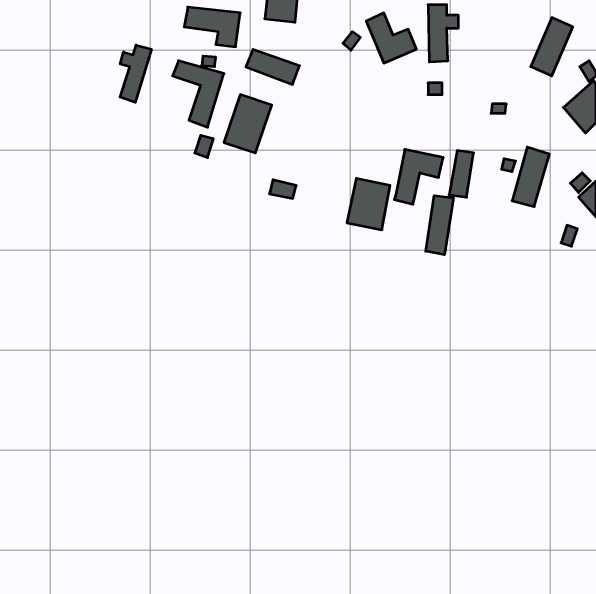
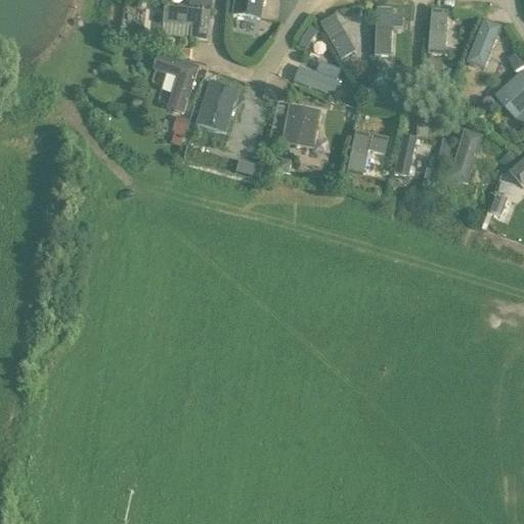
building: none -> [427,7,448,49]
building: [120,45,151,102] -> none
building: [246,49,300,84] -> [292,62,339,93]
building: [347,178,390,230] -> [280,102,318,147]
building: [426,196,453,255] -> none

